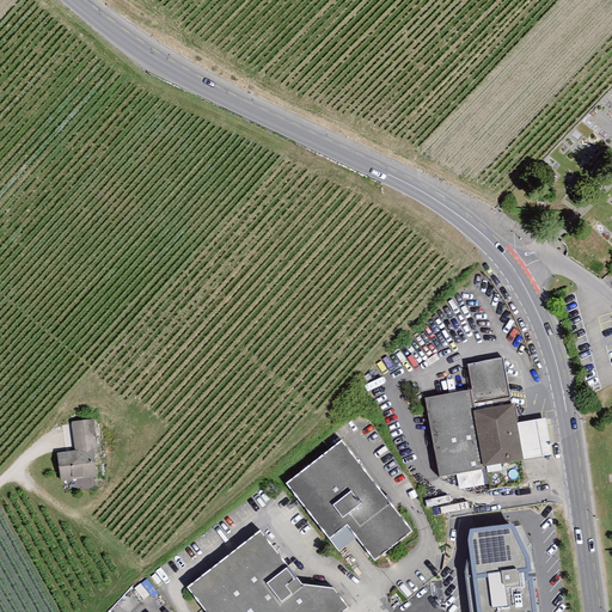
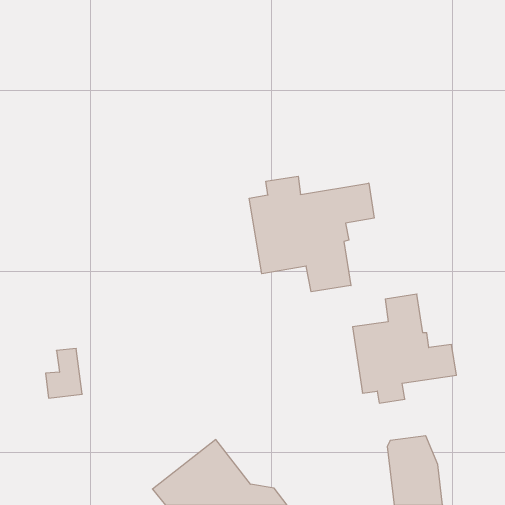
building: none -> [249,176,374,292]
building: [284,445,408,562] -> none

